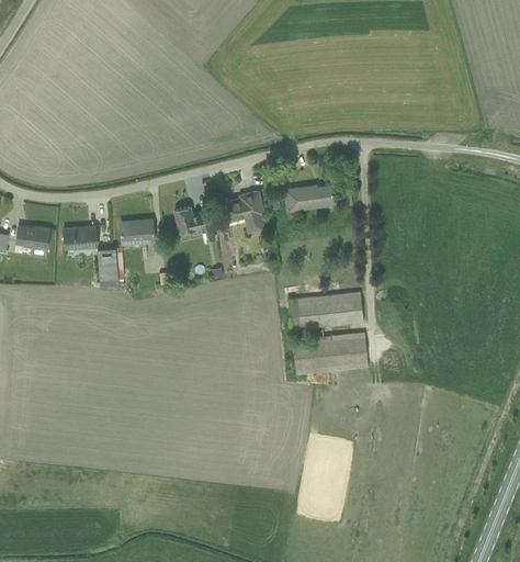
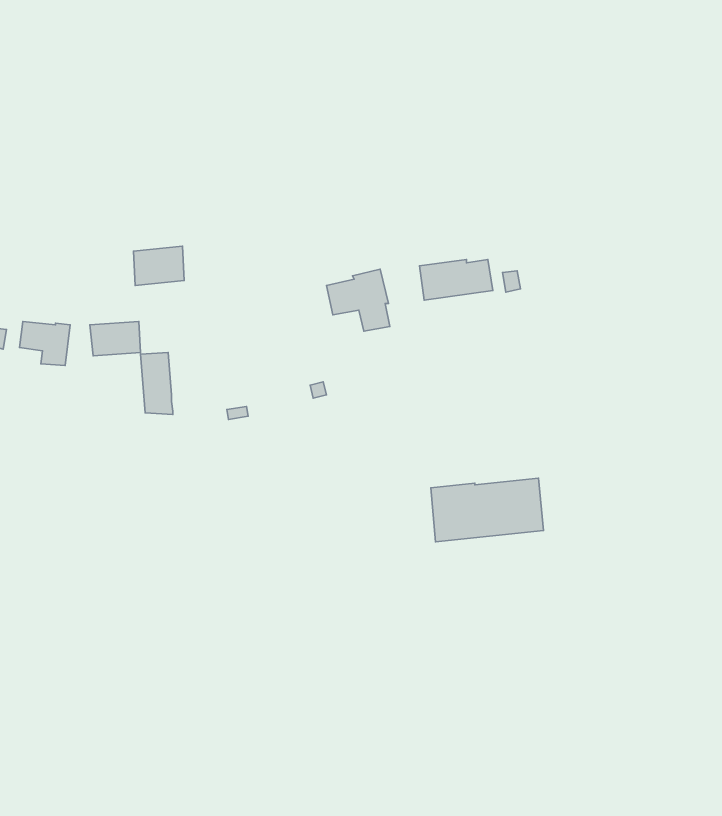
building: [174,206,215,243] -> none
building: [120,218,154,245] -> [134,246,184,285]
building: [287,291,362,330] -> none

